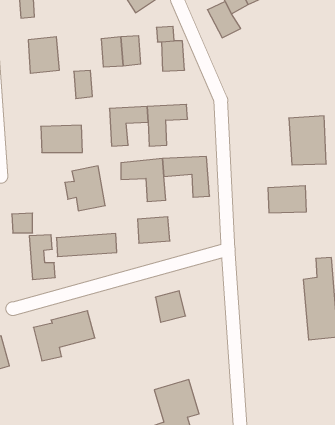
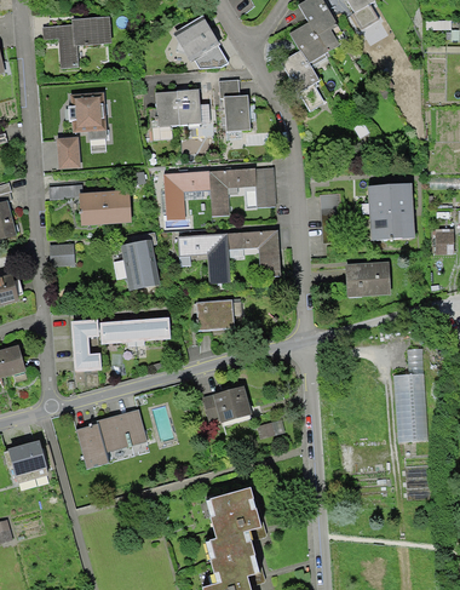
building: [74,70,92,99] -> [58,137,80,170]
building: none -> [253,167,276,206]
building: [12,213,33,233] -> [51,244,75,267]

